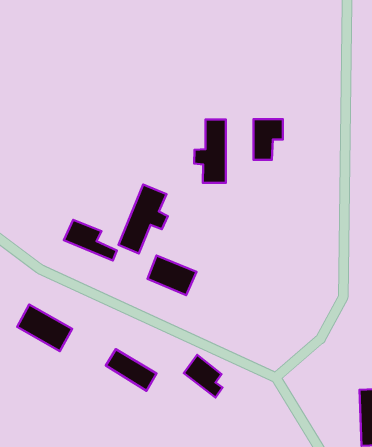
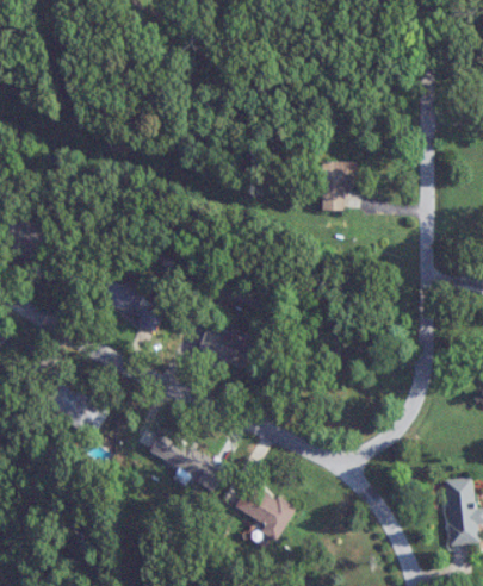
building: [194,119,226,183] -> none
building: [119,185,168,253] -> none
building: [184,355,222,398] -> [237,485,283,535]

